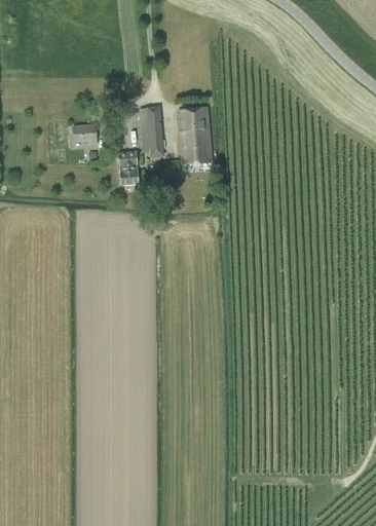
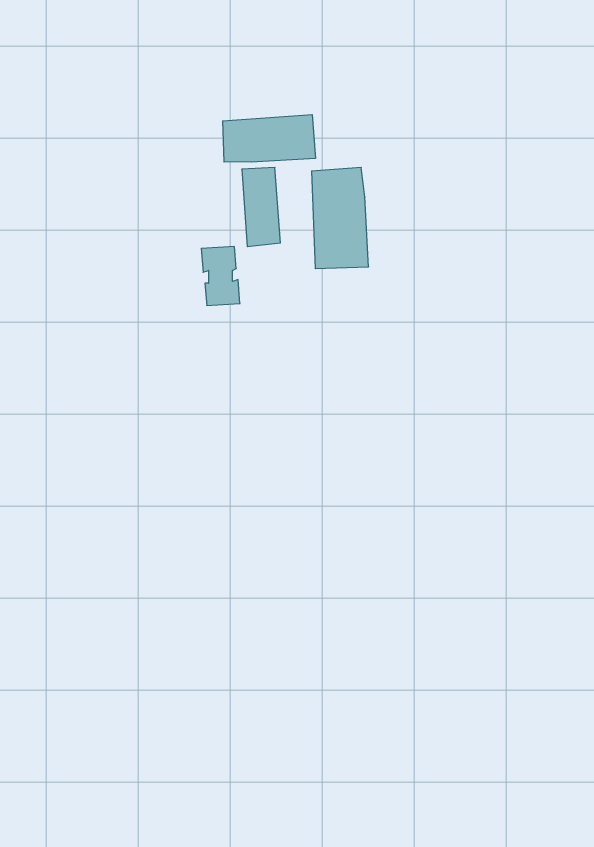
building: none -> [223,115,315,162]
building: [73,124,98,144] -> none

